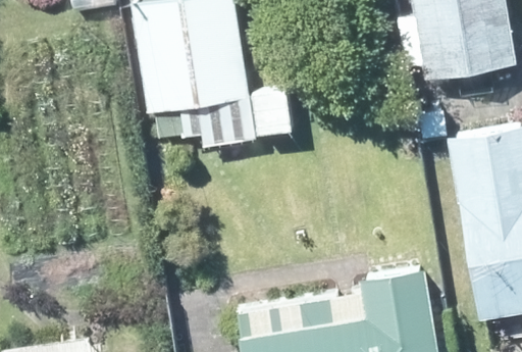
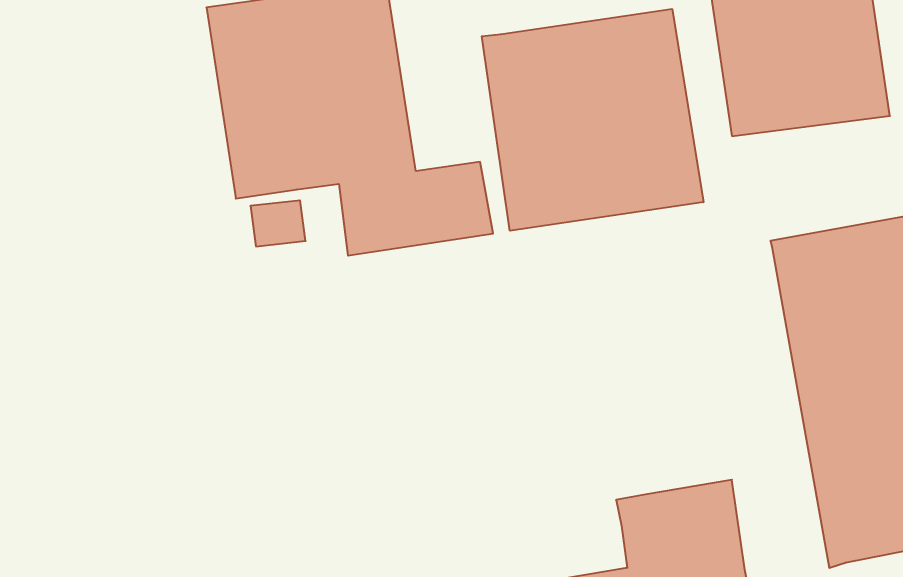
building: none -> [482,9,703,231]

